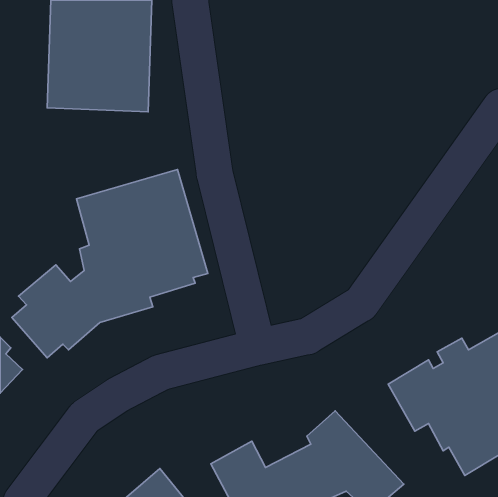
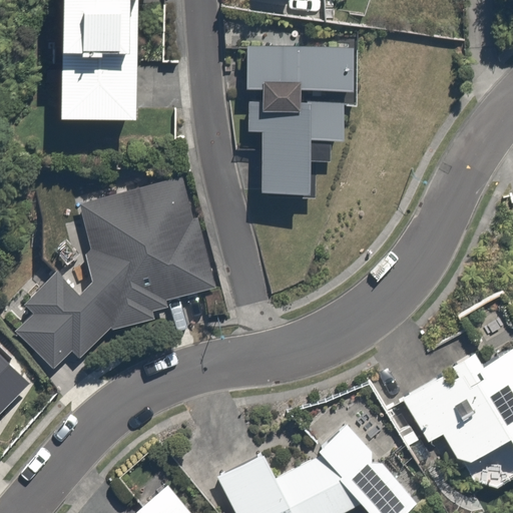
building: none -> [243,46,358,193]

